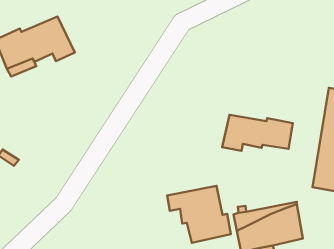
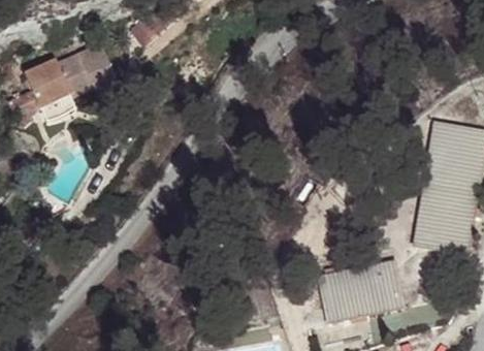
building: [222,115,293,151] -> none
building: [167,186,231,243] -> none

